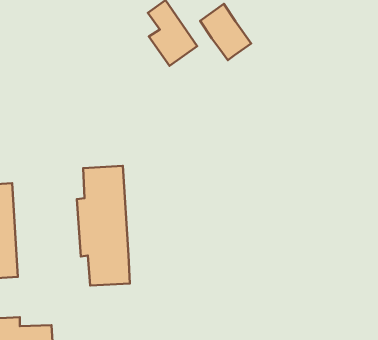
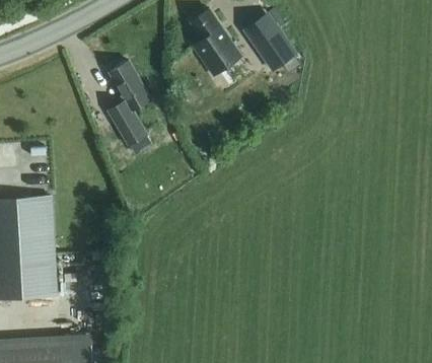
building: none -> [106,62,151,146]
building: [77,166,130,286] -> none

